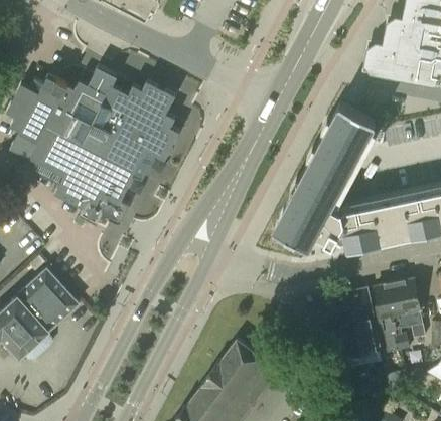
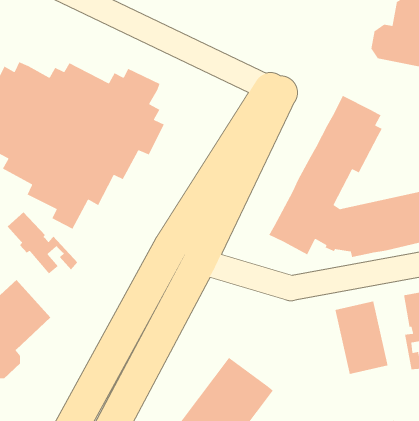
building: none -> [7,211,78,274]
building: [376,284,401,354] -> none

